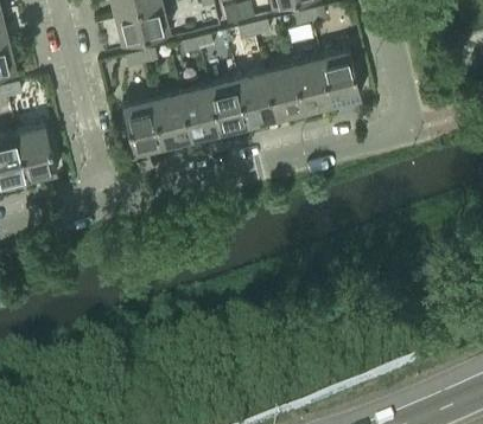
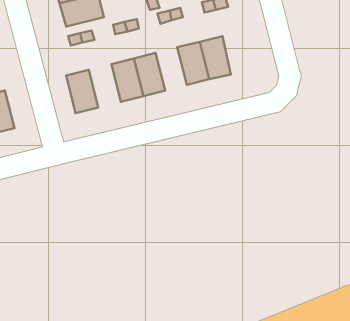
building: [319,50,361,105] -> none
building: [235,71,274,126] -> none
building: [151,92,191,147] -> none

